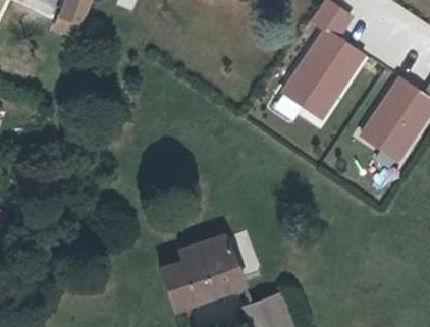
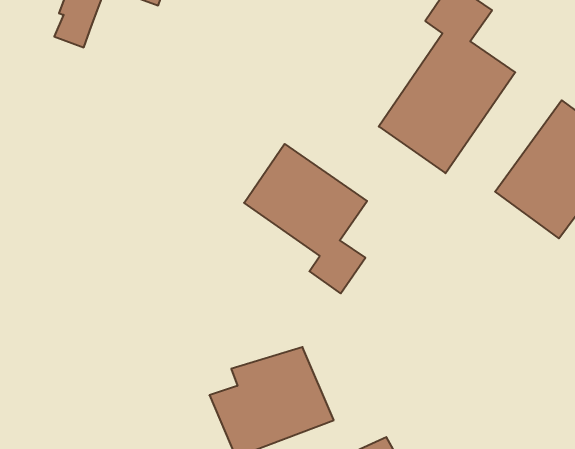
building: none -> [244,144,367,293]

